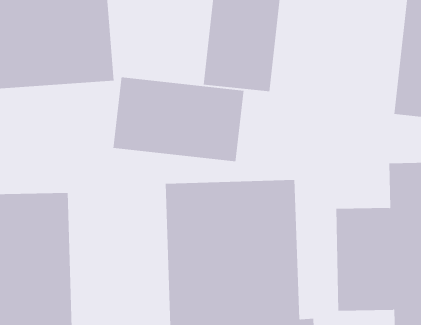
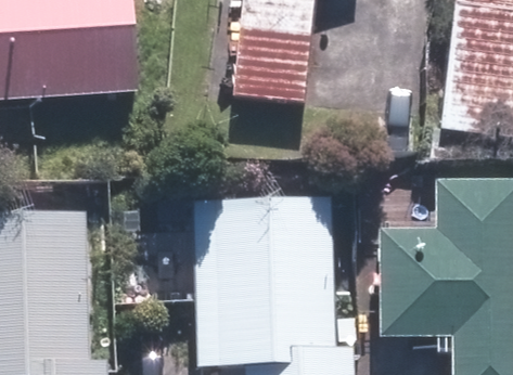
building: [113,76,244,162] -> none

